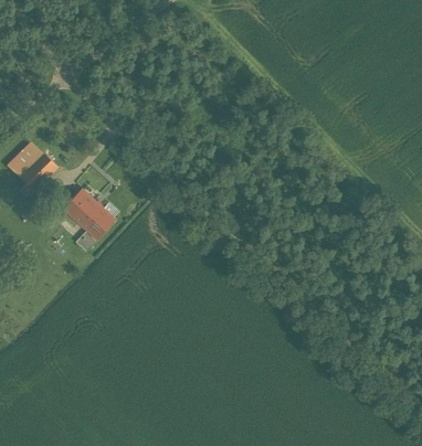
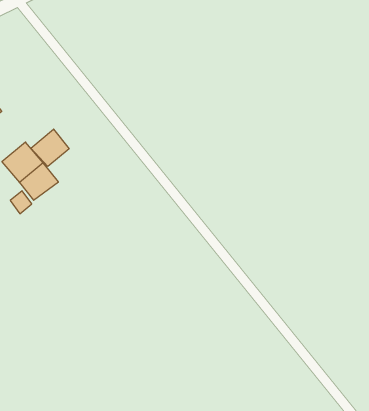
building: none -> [31,129,69,166]

